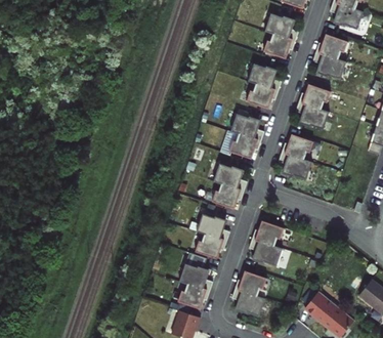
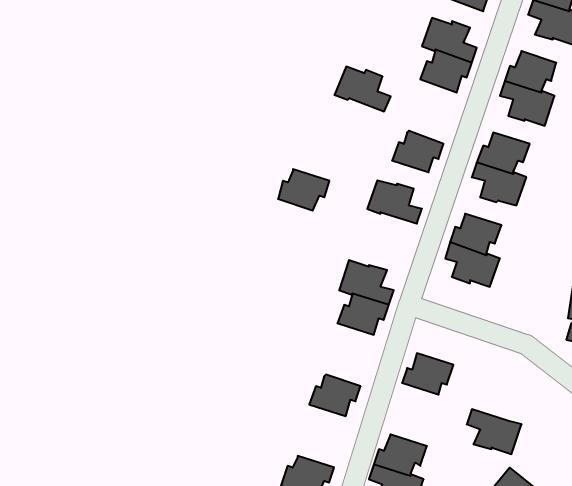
building: [247,64,282,91] -> [334,67,391,111]
building: [229,133,261,159] -> [278,169,329,211]
building: [196,213,229,241] -> none
building: [249,239,283,266] -> [467,409,522,454]
building: [179,263,213,291] -> none

